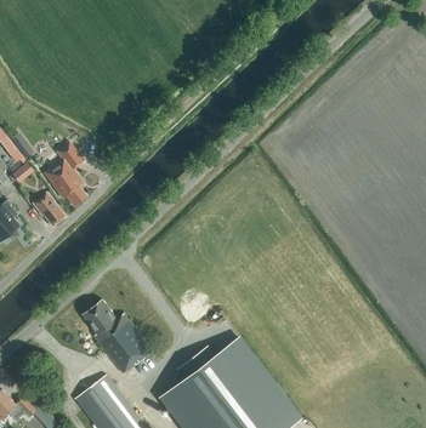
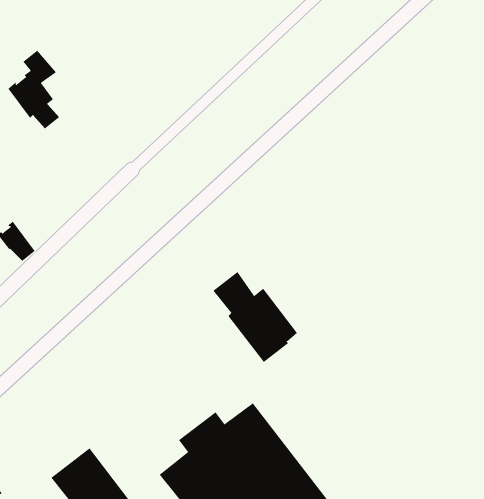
building: [44,142,86,206] -> [7,50,60,129]
building: [81,299,150,373] -> [212,271,298,363]

